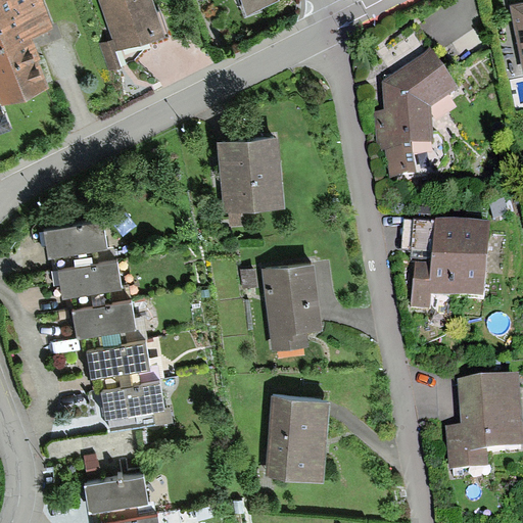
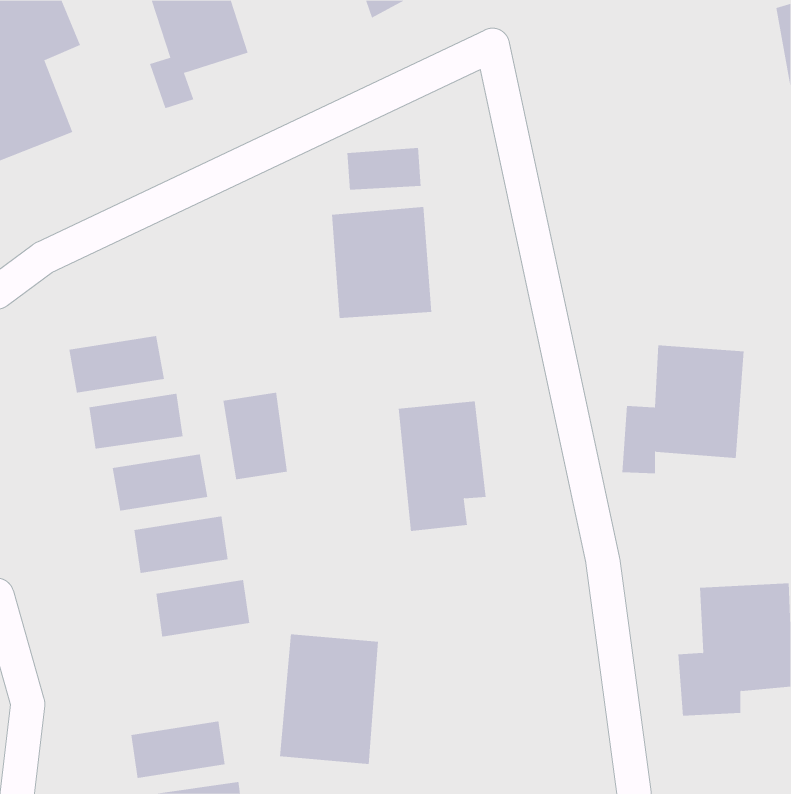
building: [374,50,461,178] -> none
building: none -> [347,147,421,191]
building: none -> [223,392,287,480]
building: [263,394,328,480] -> [279,634,379,764]

